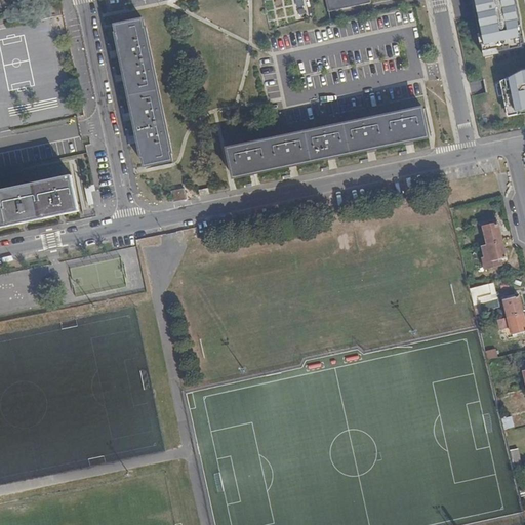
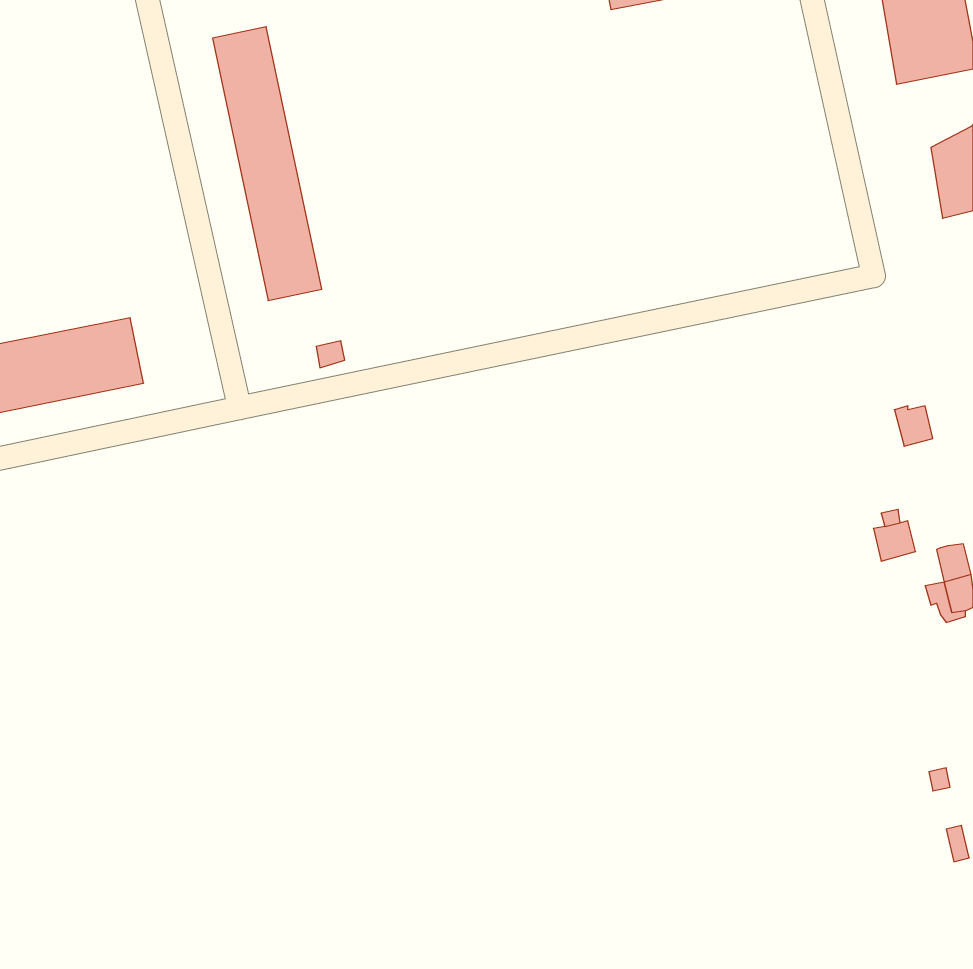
building: [227,109,427,177] -> none
building: [478,235,503,262] -> none

